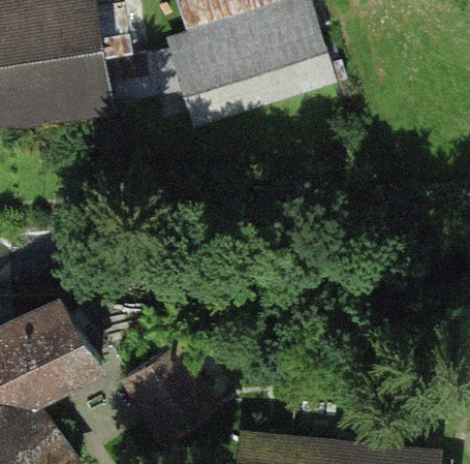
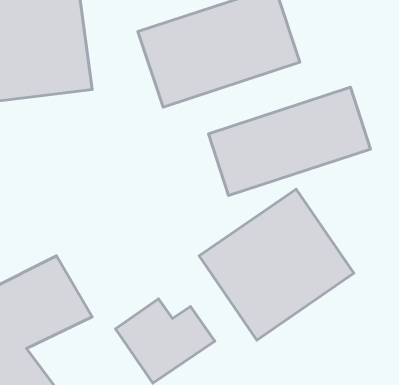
building: none -> [209,87,370,196]
building: none -> [199,189,354,340]

